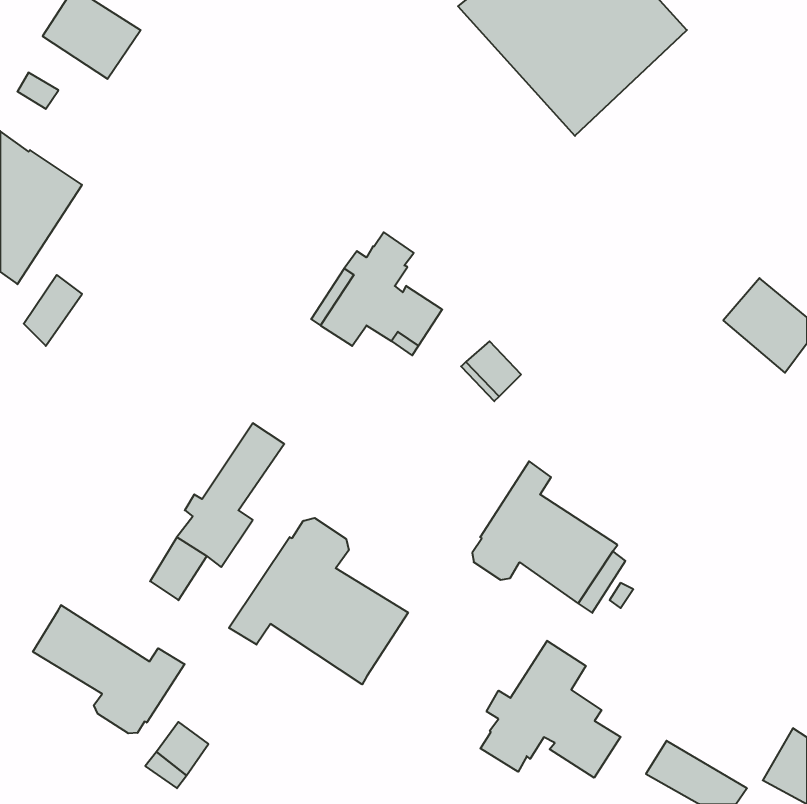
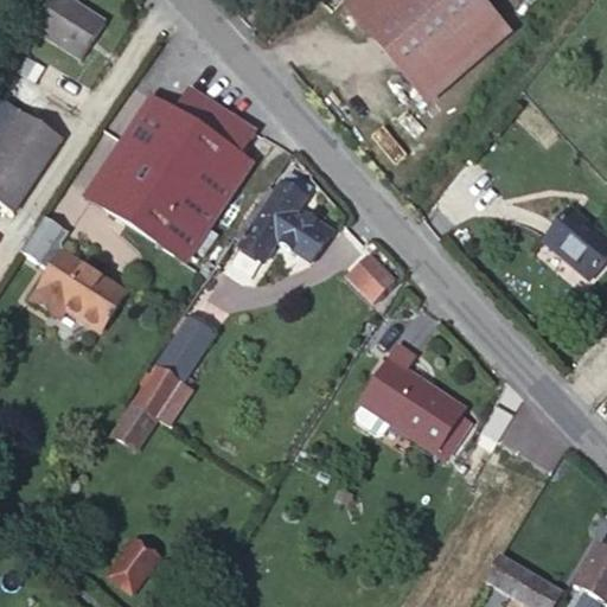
building: none -> [83,79,258,261]
building: none -> [28,243,128,327]
building: [229,518,408,684] -> none
building: [33,605,185,733] -> none
building: [480,641,621,778] -> none

